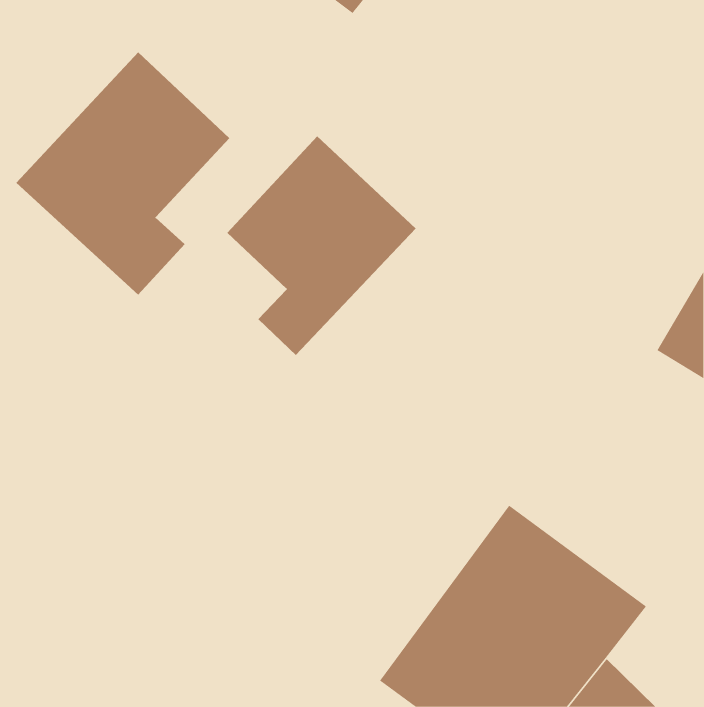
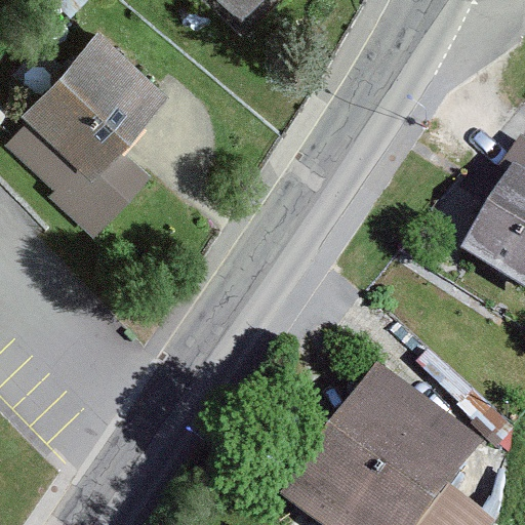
building: [227,136,416,356] -> none

